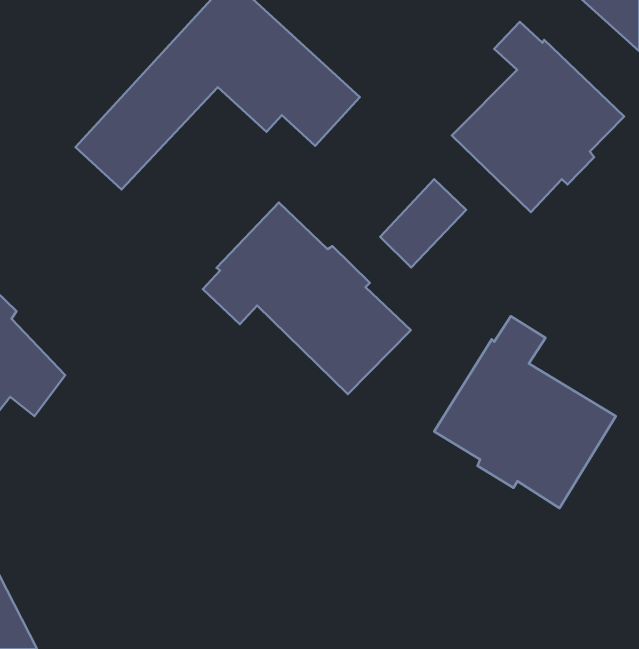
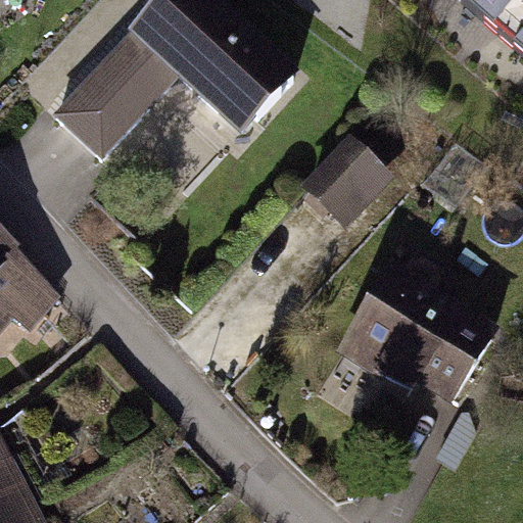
building: [452,22,624,212] -> none
building: [203,202,411,394] -> none

